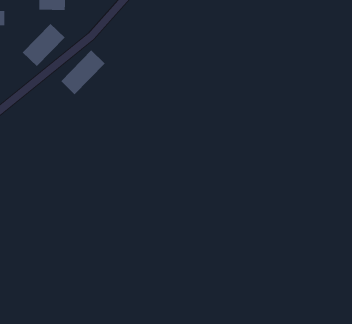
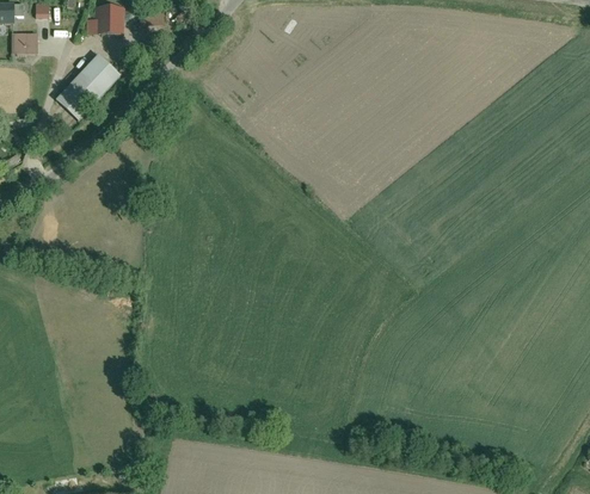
building: [60,49,105,95] -> none

